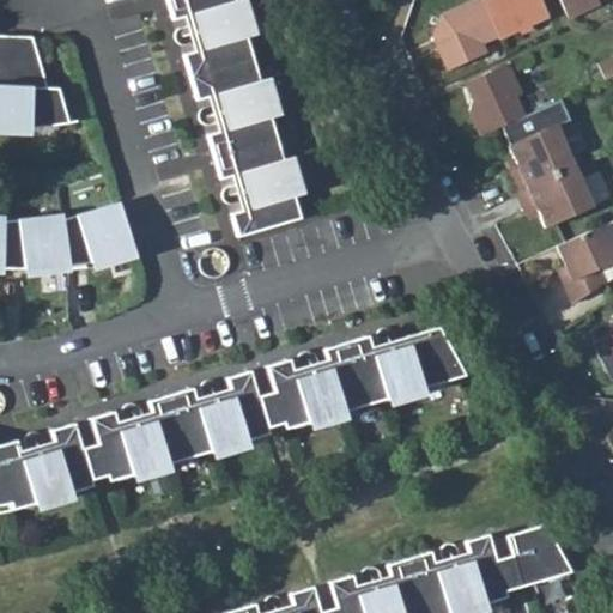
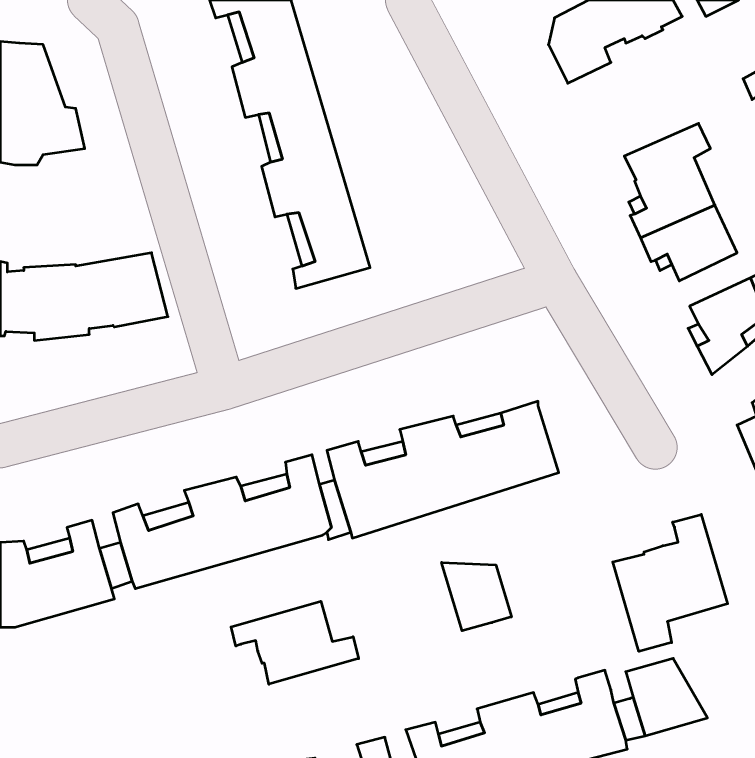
building: [472,66,528,135] -> none
building: none -> [613,514,728,651]
building: none -> [442,562,511,631]
building: none -> [231,601,359,684]

